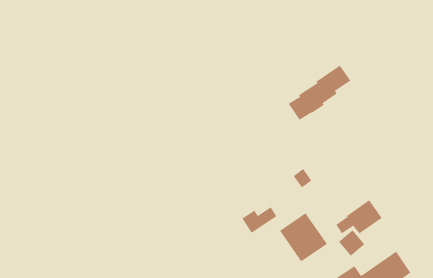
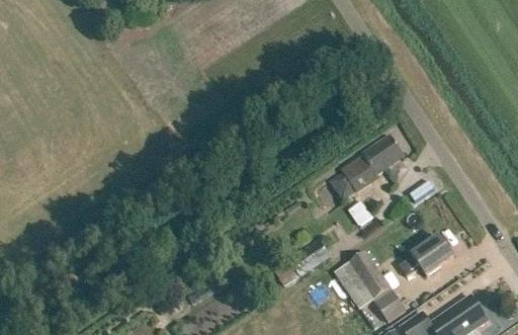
building: [288,65,351,120] -> [330,134,404,198]
building: [338,230,365,256] -> [374,289,406,321]

